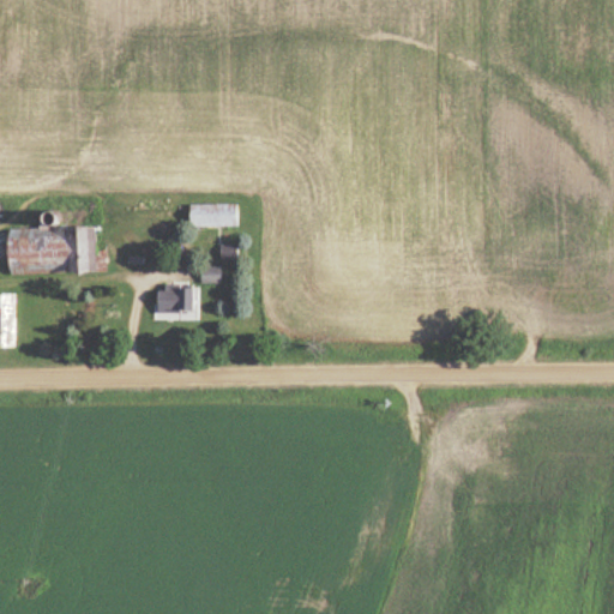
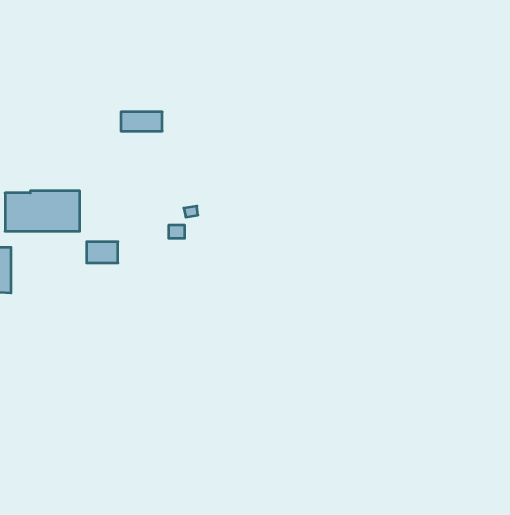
building: [188,205,237,228] -> [121,112,162,131]
building: [157,287,194,312] -> [87,242,118,263]

